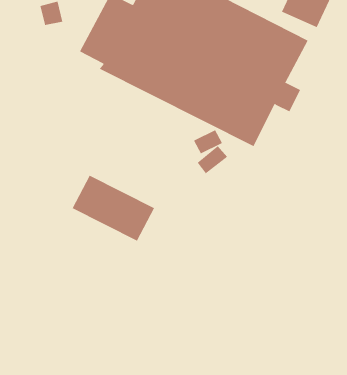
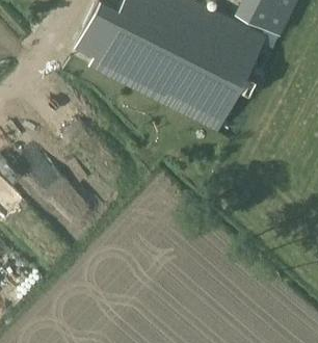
building: [72,175,155,242] -> none

